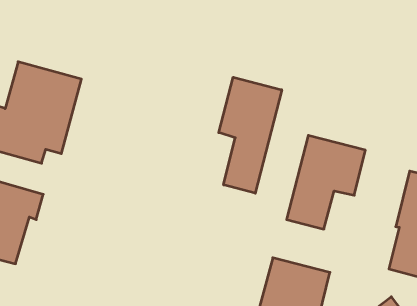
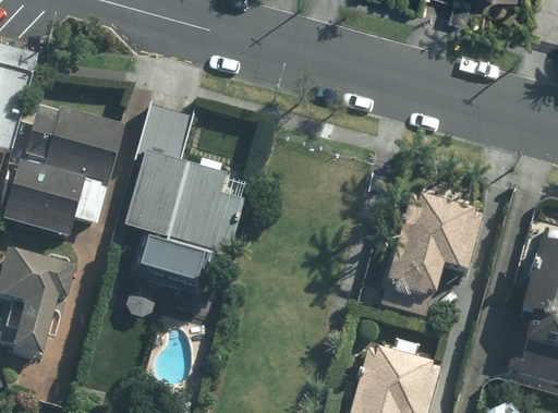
building: none -> [126,102,245,289]
building: [219,77,282,193] -> none

